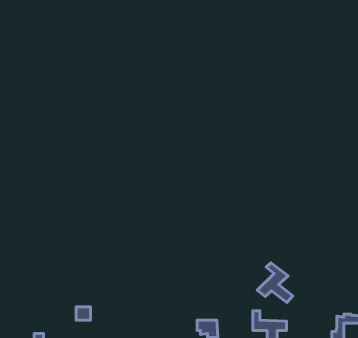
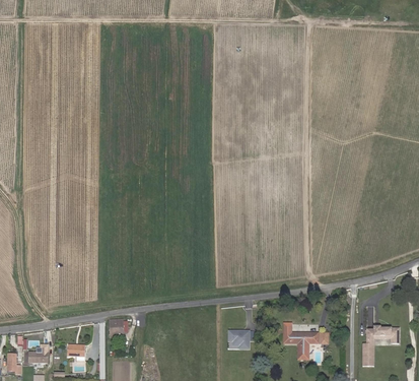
building: [257,263,293,303] -> none

